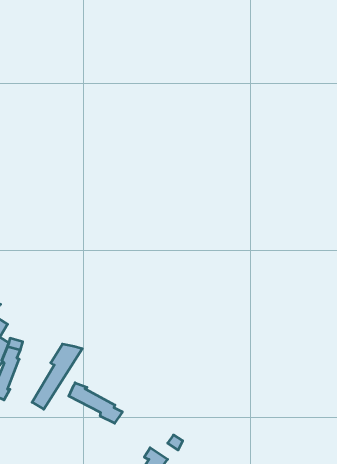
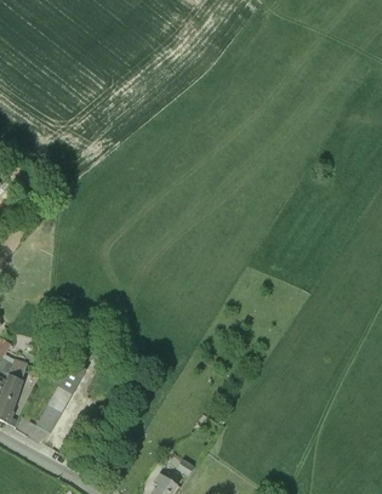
building: [69,383,122,423] -> none

